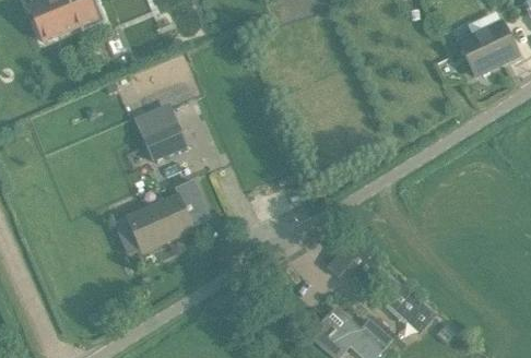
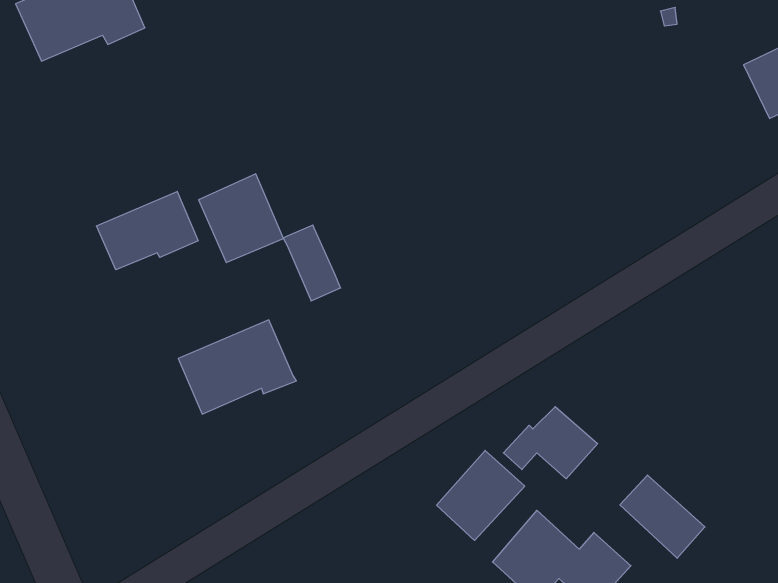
building: none -> [97,191,198,270]
building: [176,181,210,226] -> [283,225,341,301]
building: none -> [437,450,525,540]

